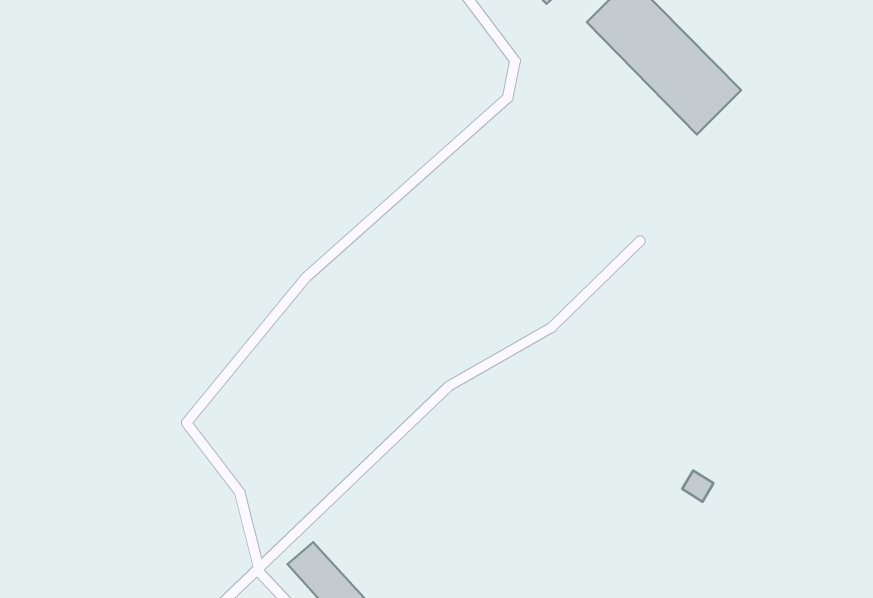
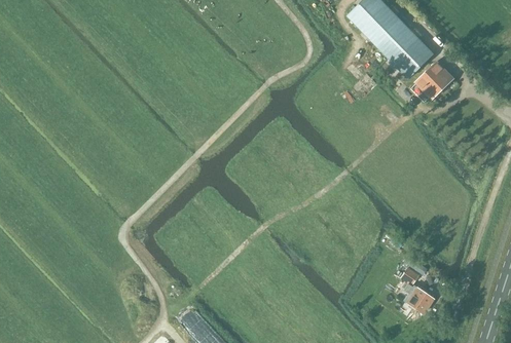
building: none -> [414,61,453,100]
building: none -> [403,285,432,313]

